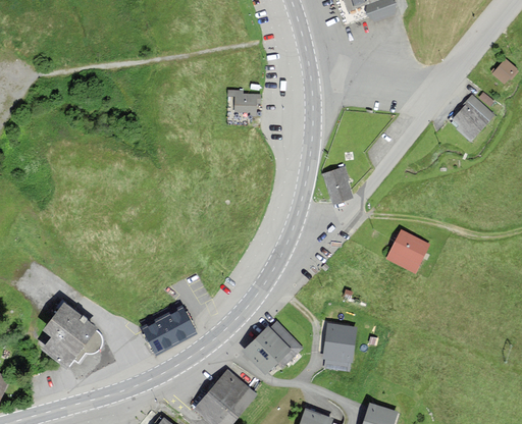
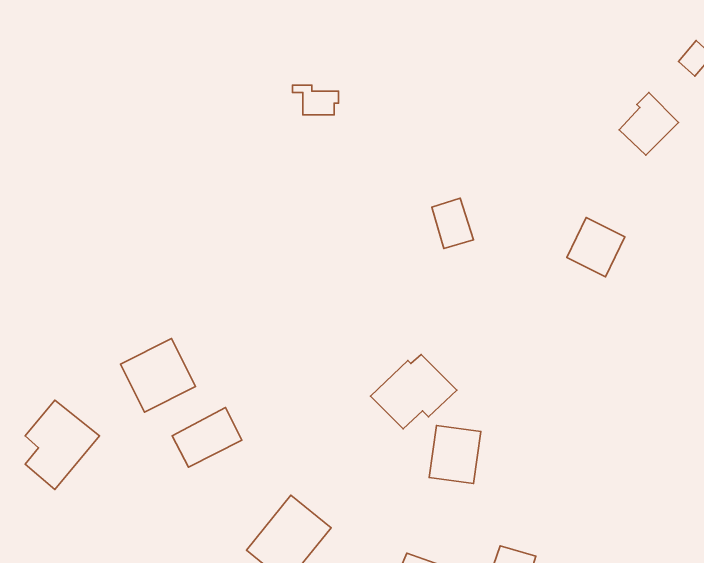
building: [388,230,428,271] -> [567,217,625,277]
building: none -> [121,339,195,412]
building: [243,322,302,373] -> [371,354,457,429]

